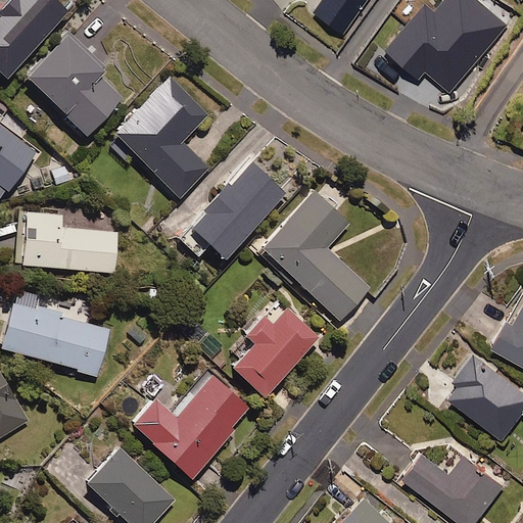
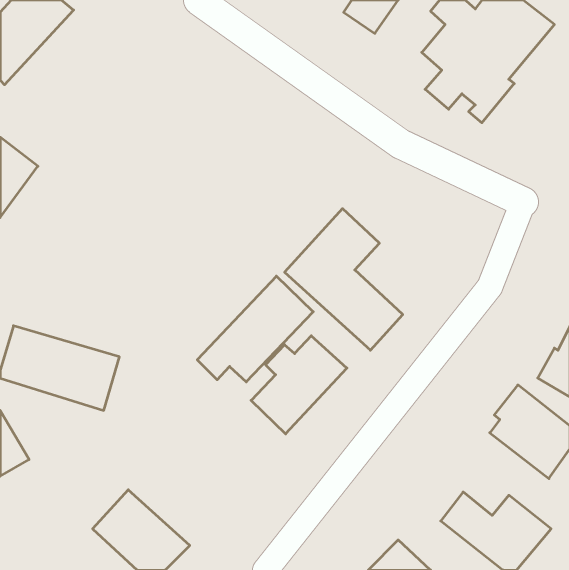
building: [25,31,122,135] -> none
building: [113,77,208,198] -> none
building: [179,161,285,258] -> [197,276,313,382]
building: [14,210,117,272] -> none
building: [132,374,248,478] -> none

